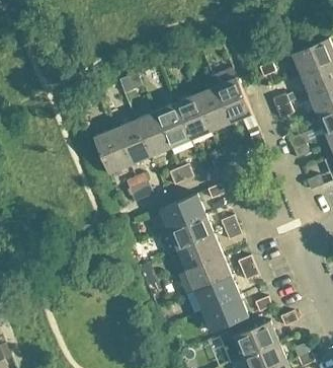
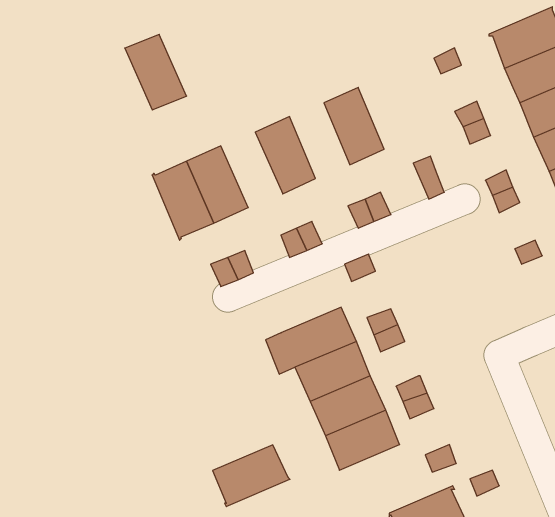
building: [211,67,251,122] -> none
building: [174,94,210,139] -> none
building: [134,112,170,156] -> [125,34,187,110]
building: [160,194,204,230] -> none
building: [203,296,249,333] -> [213,445,290,507]

